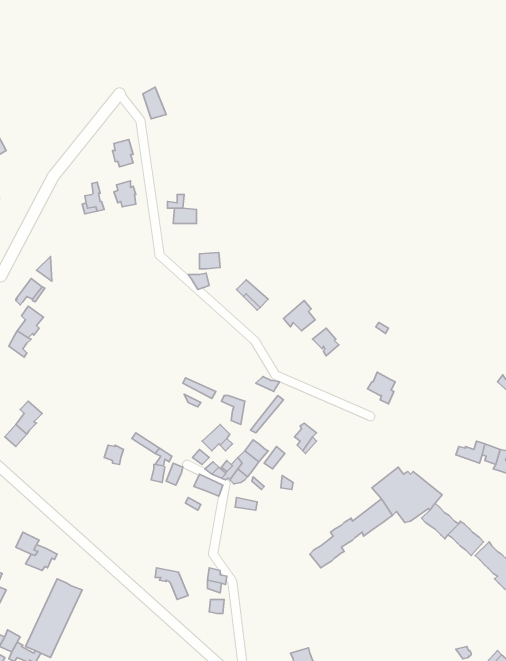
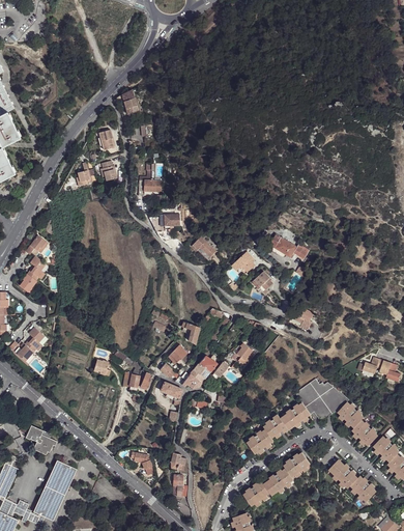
building: none -> [268,231,310,258]
building: none -> [242,451,308,505]
building: none -> [327,456,375,498]

